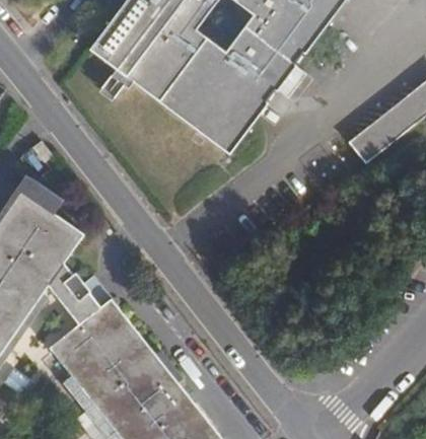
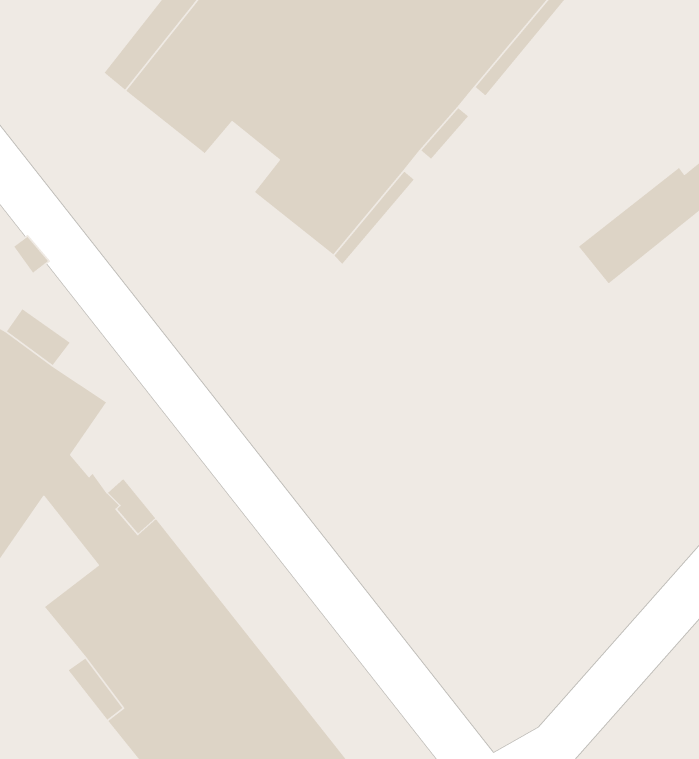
building: [139,73,181,113] -> none

